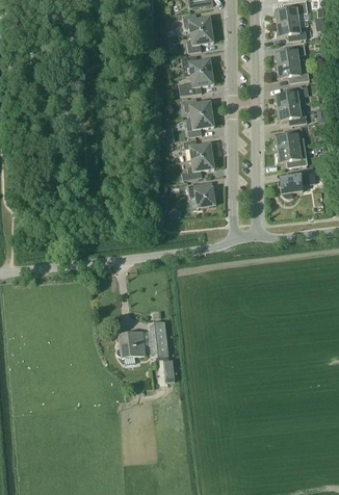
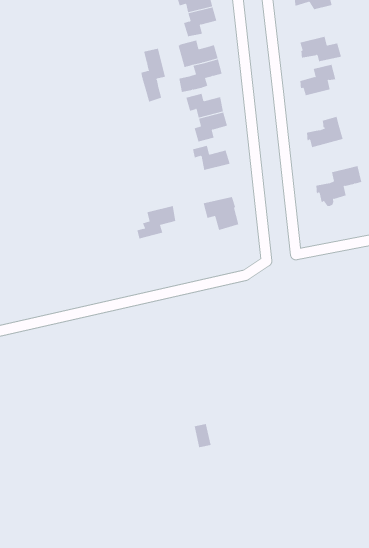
building: [275,43,306,66] -> none
building: none -> [141,48,166,103]
building: [278,105,308,125] -> none
building: [278,146,308,167] -> none
building: [182,156,214,180] -> [136,206,176,239]
building: [116,320,170,358] -> none

